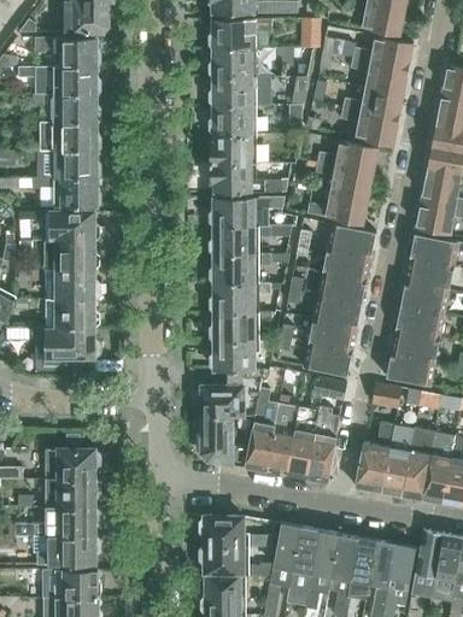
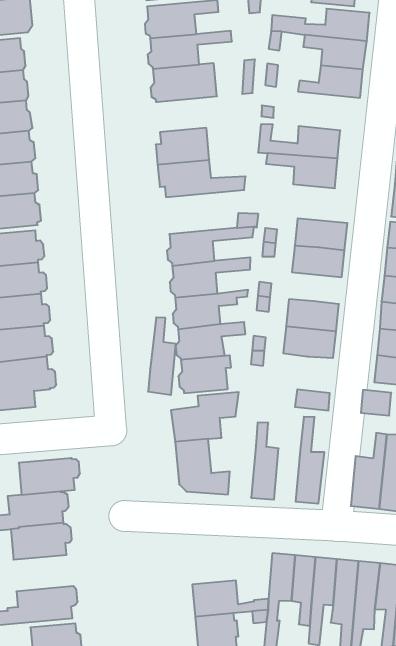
building: [210,105,257,133] -> none
building: [341,107,398,145] -> none
building: [307,190,368,223] -> none
building: [211,196,270,225] -> none
building: [317,270,367,302] -> none
building: [304,342,352,375] -> none
building: [287,394,315,477] -> none
building: [246,399,275,470] -> [148,317,176,395]
building: [47,506,101,535] -> [19,458,80,495]
building: [205,515,257,545] -> none

